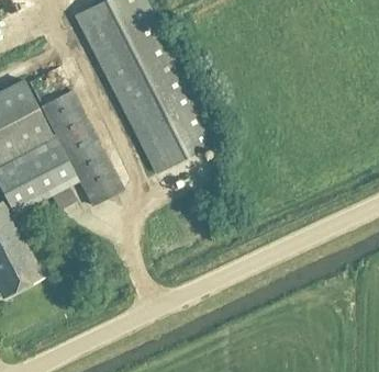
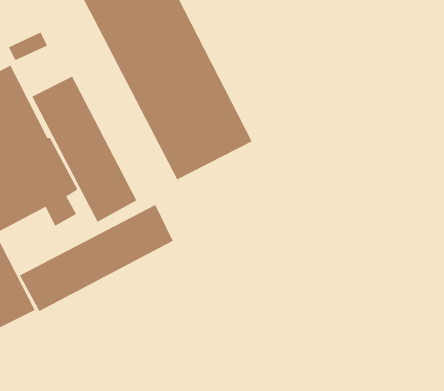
building: none -> [19,204,173,312]

